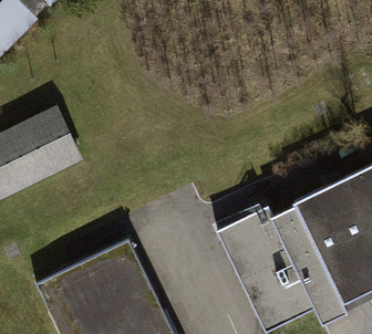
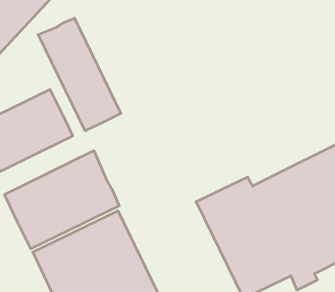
building: none -> [38,18,121,131]
building: none -> [5,151,119,249]

